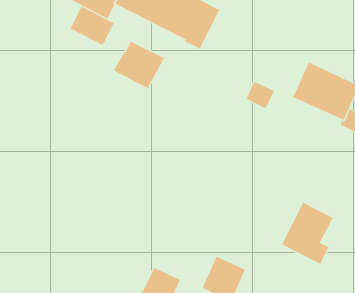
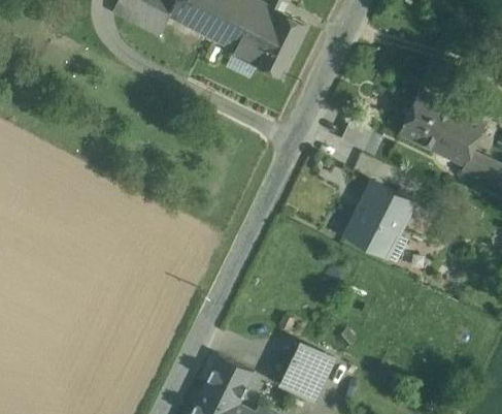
building: [70,6,114,46] -> none
building: [113,41,165,89] -> none
building: [281,202,333,264] -> [346,182,413,262]

